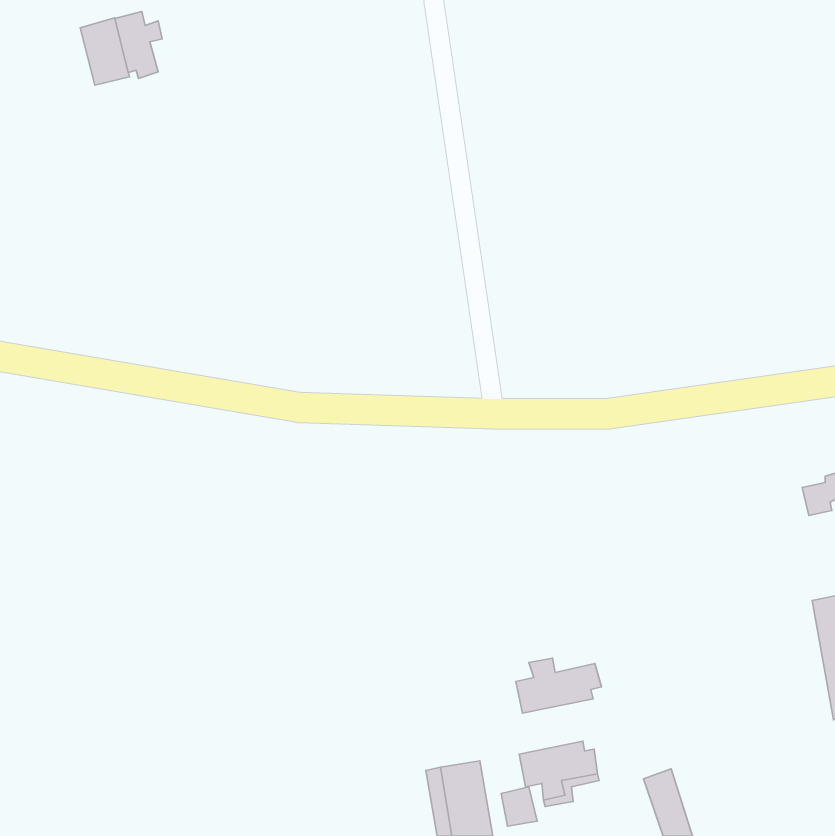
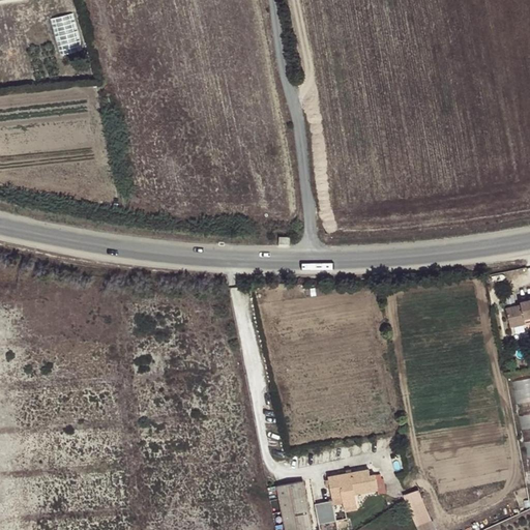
building: [115,12,162,78] -> none
building: [516,658,602,713] -> none

